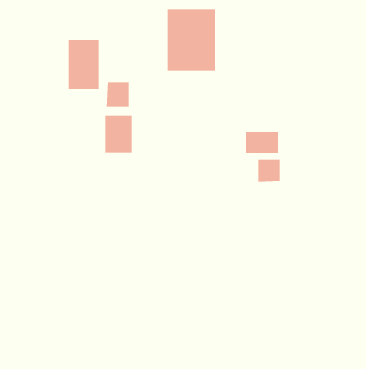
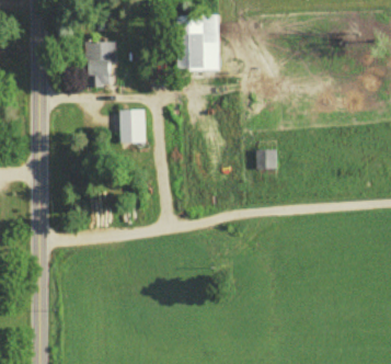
building: [106,81,129,108] -> none
building: [245,131,279,154] -> none

